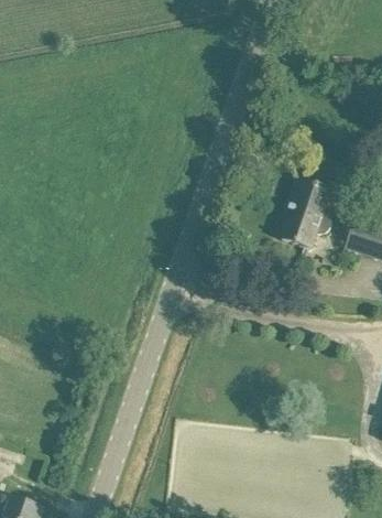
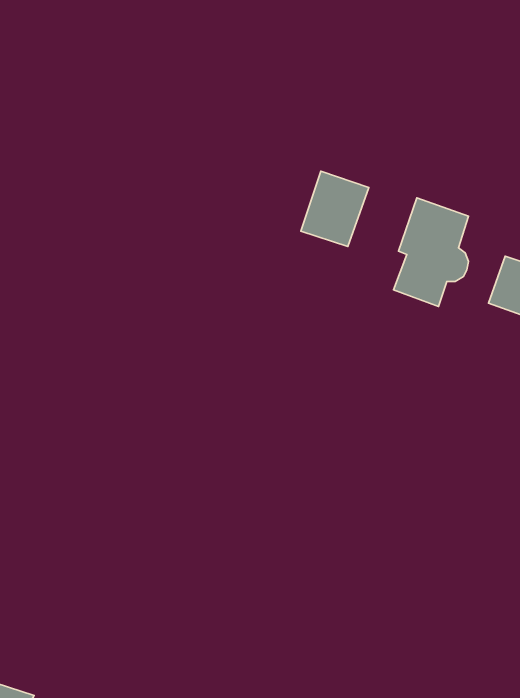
building: none -> [301,171,369,247]

